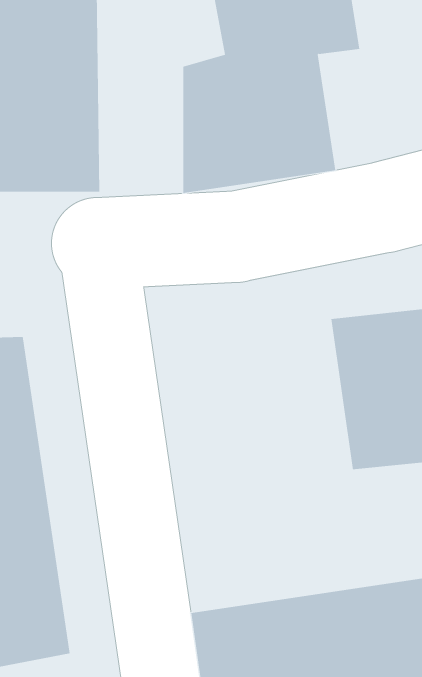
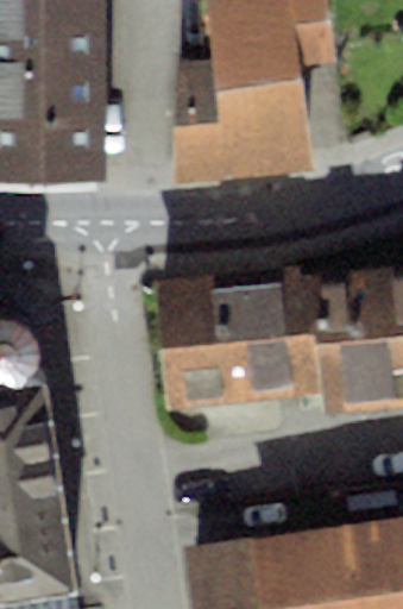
building: none -> [164,289,317,410]

